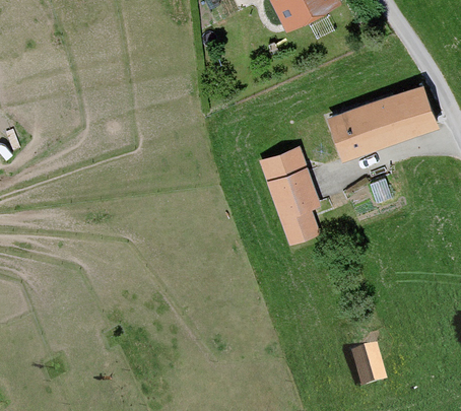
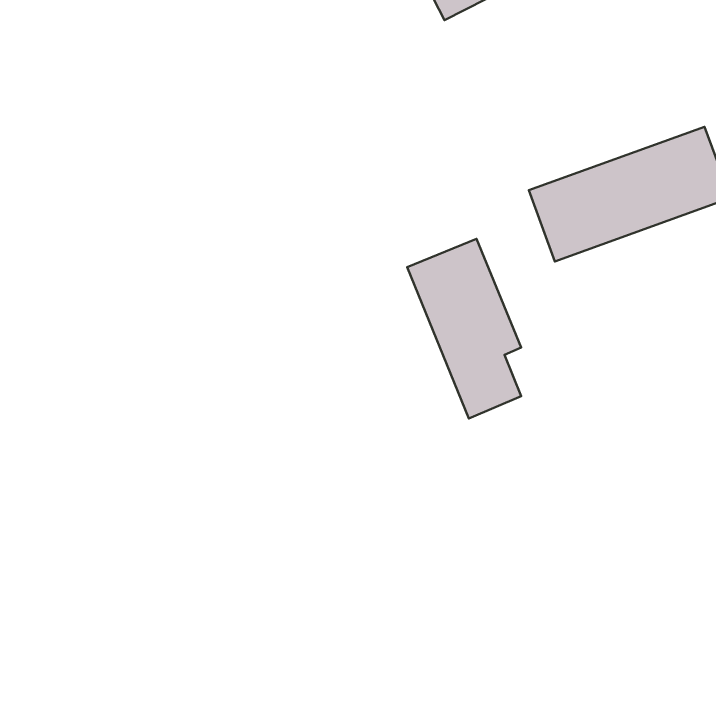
building: [355,345,389,388] -> none

